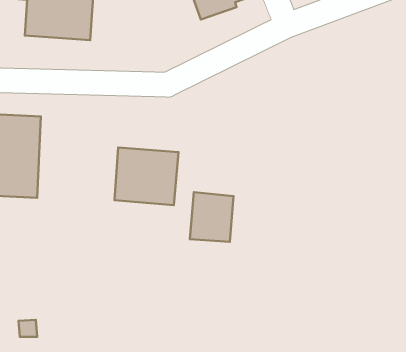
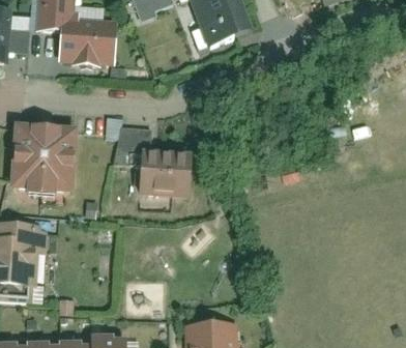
building: none -> [116,127,138,163]
building: [190,192,234,242] -> none

